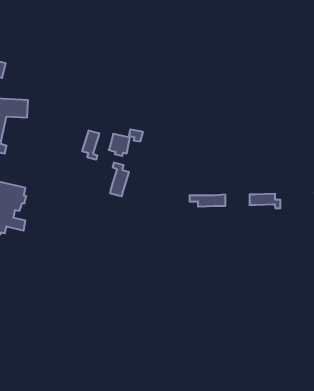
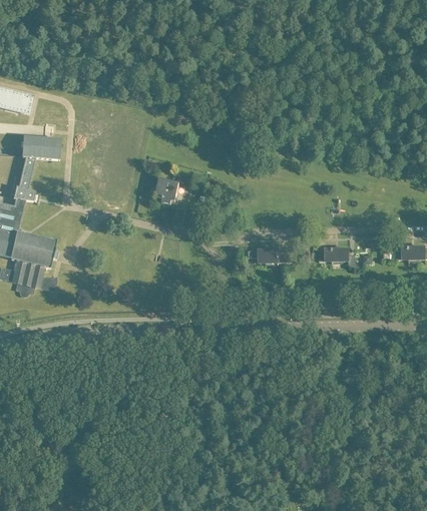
building: [82,130,99,160] -> none
building: [110,162,129,196] -> none

